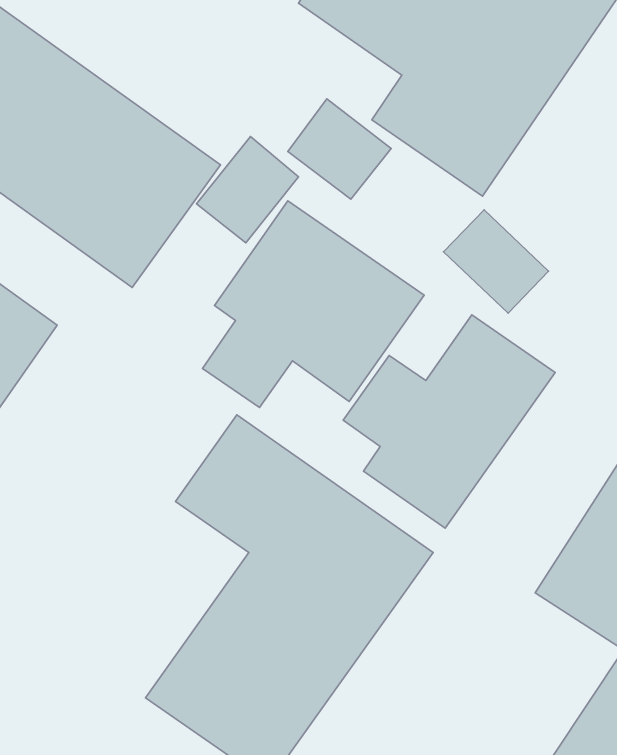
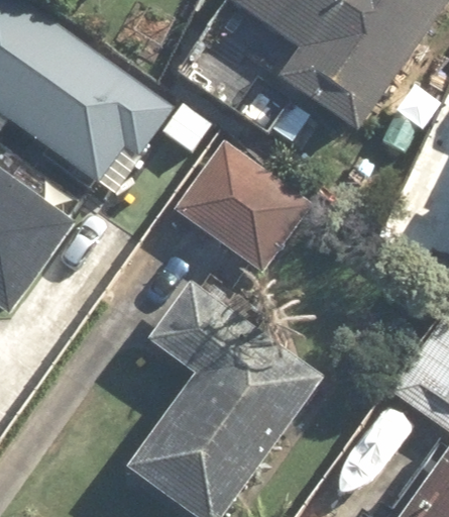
building: [343,315,555,528] -> none

